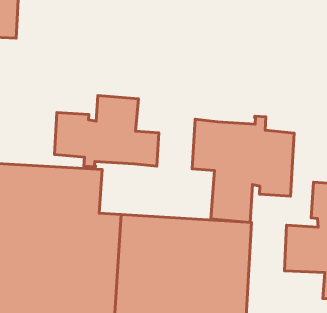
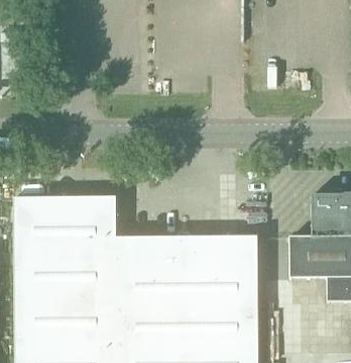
building: [54,96,159,167] -> none
building: [192,116,294,223] -> none

